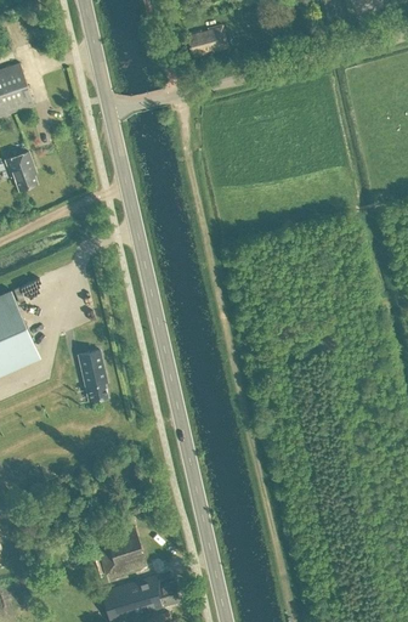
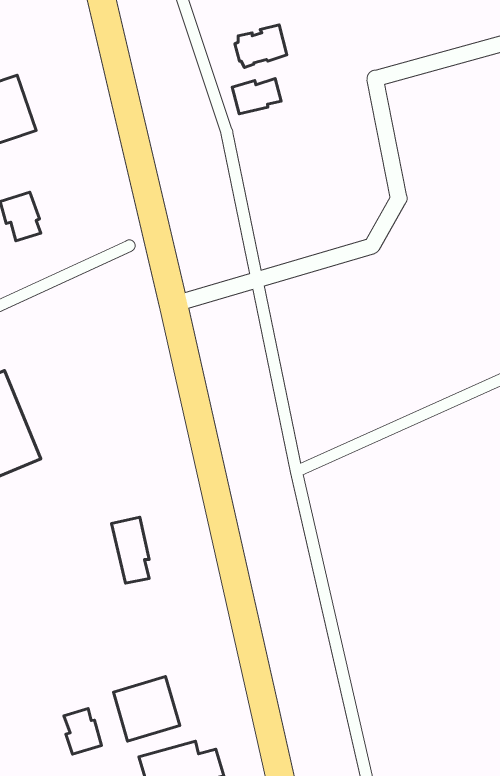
building: none -> [232,79,281,114]
building: [78,351,107,402] -> [111,517,149,583]
building: none -> [64,708,101,754]

